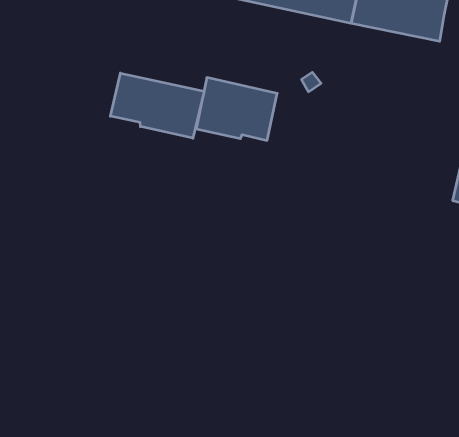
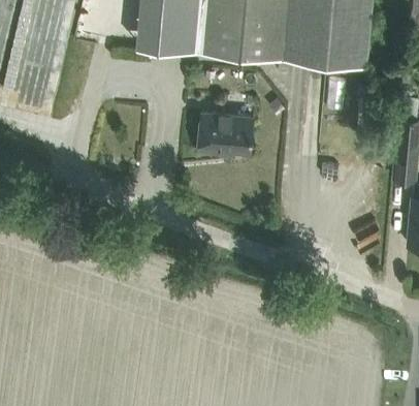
building: [110,73,204,138] -> none

